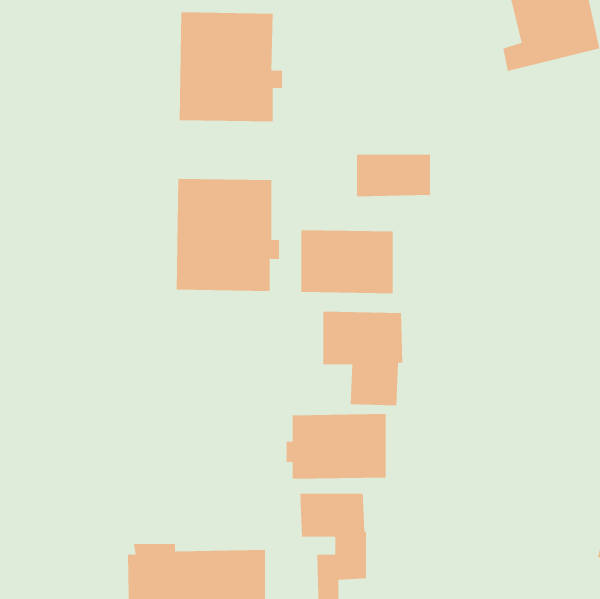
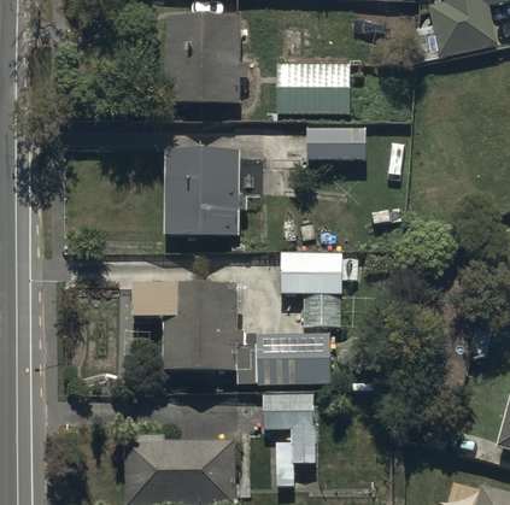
building: [300,230,394,294] -> [276,64,350,114]
building: none -> [130,281,245,371]

